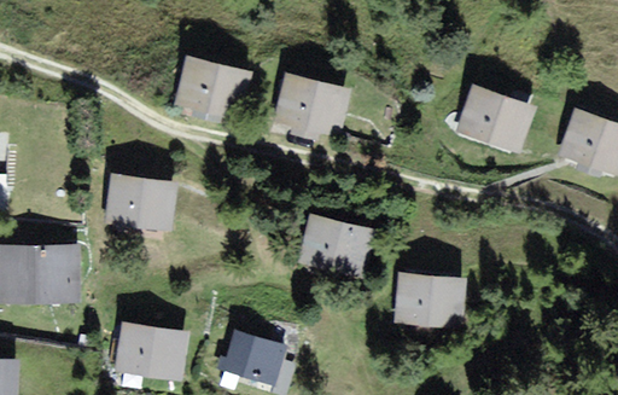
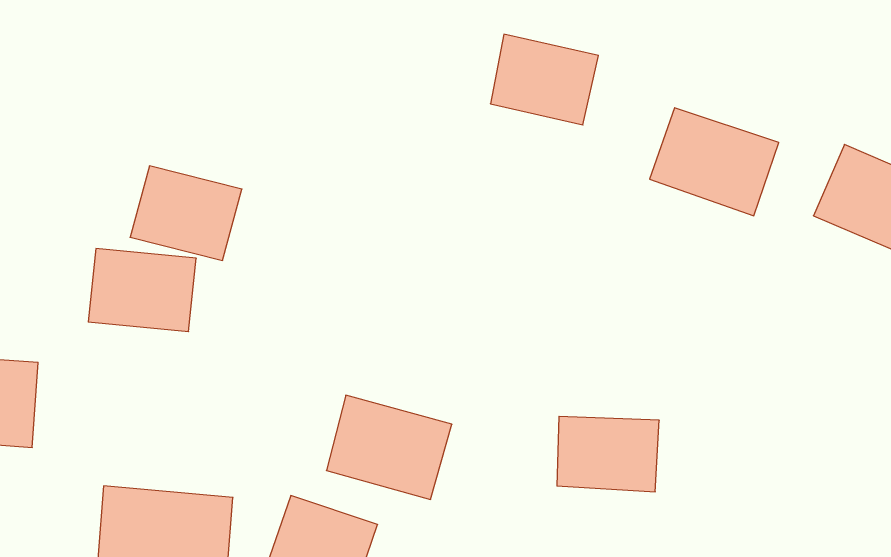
building: [177,58,247,117] -> [130,166,242,260]
building: [276,76,344,133] -> [490,34,598,125]
building: [299,214,378,279] -> [326,395,452,499]

